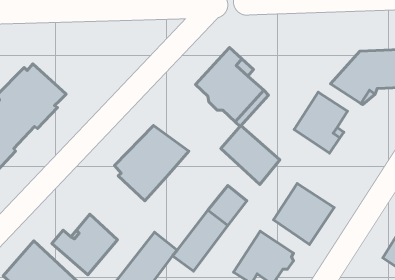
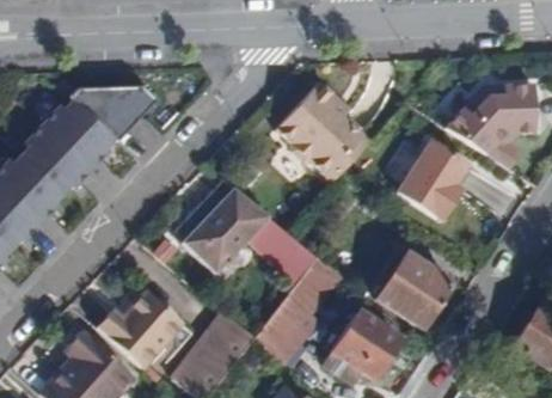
building: none -> [68,91,151,140]
building: [221,126,280,185] -> [244,212,318,286]

